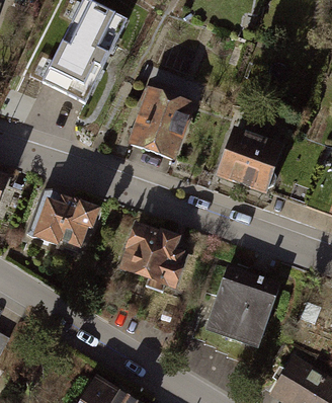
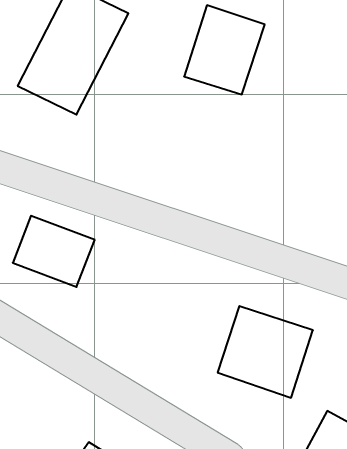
building: [126,88,193,163] -> [184,5,265,94]
building: [214,134,278,193] -> none
building: [120,225,182,283] -> none

